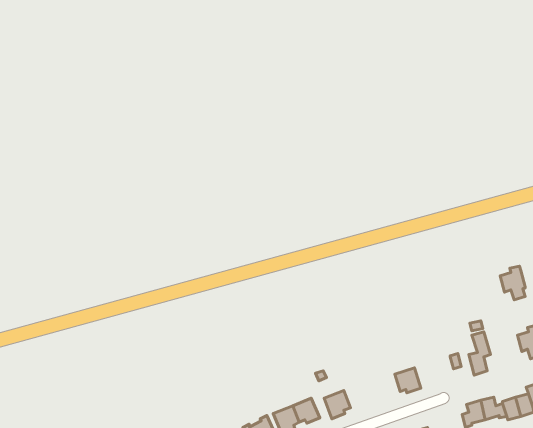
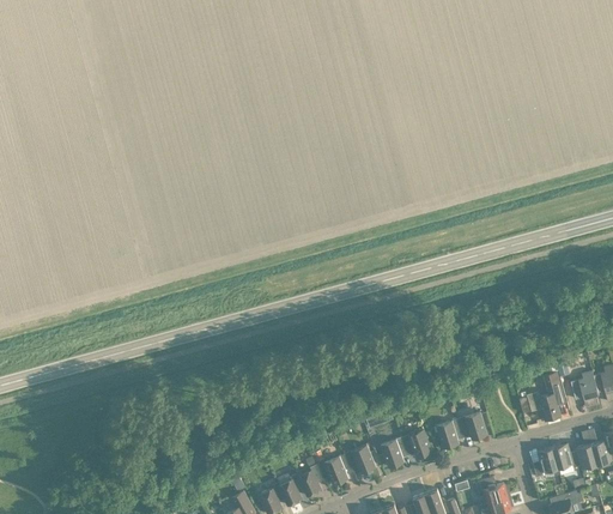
building: [500,266,525,300] -> [571,370,599,407]
building: none -> [437,418,465,448]
building: none -> [402,429,432,456]

